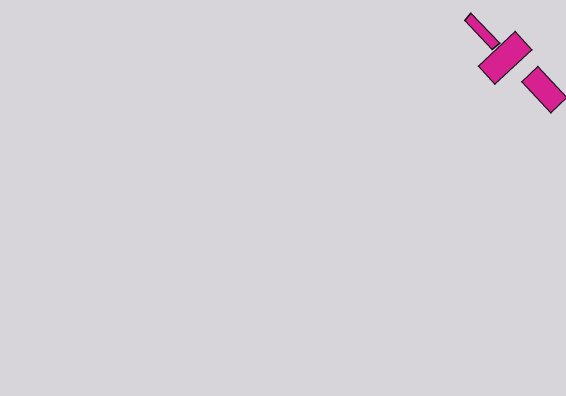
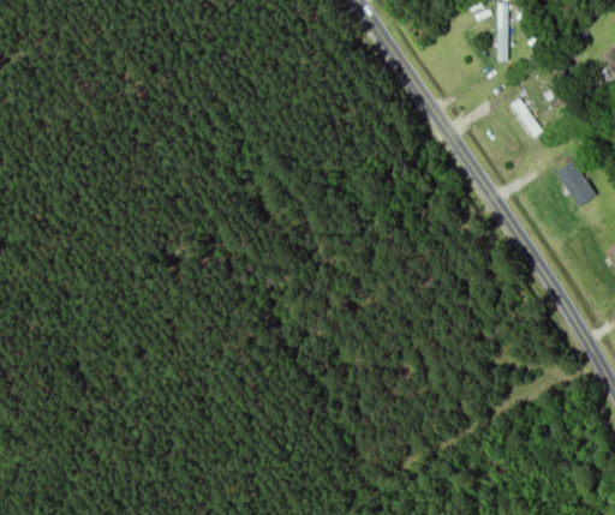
building: [478,32,532,84] -> none

